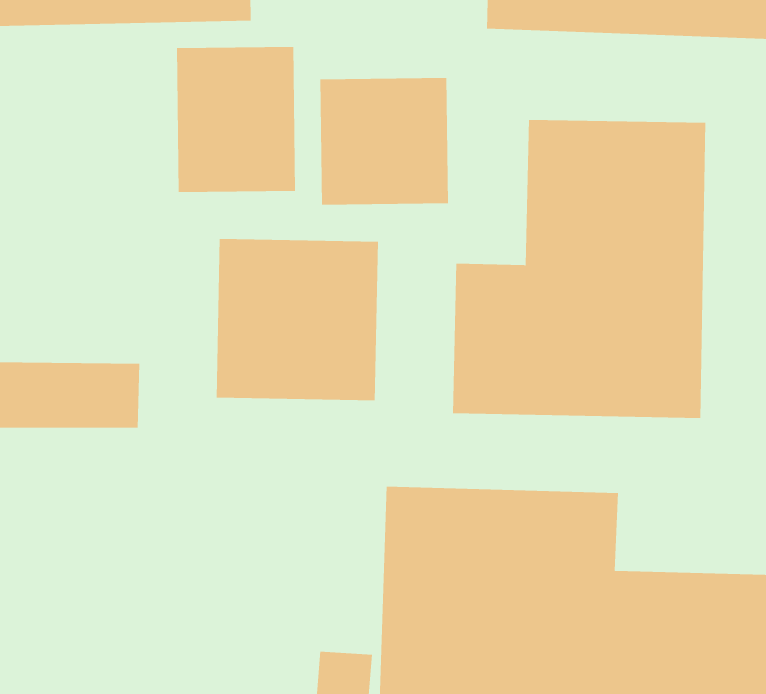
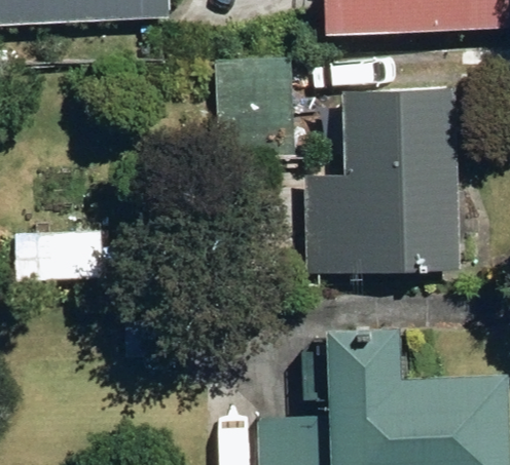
building: [176,46,296,193] -> none
building: [216,238,378,401] -> none

